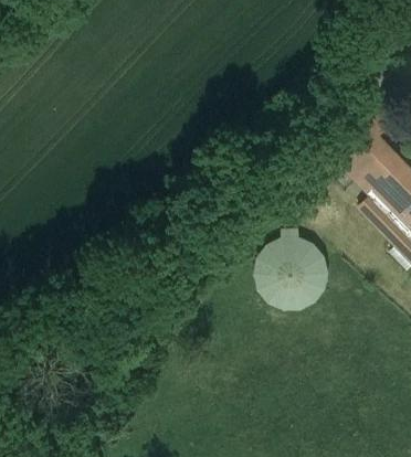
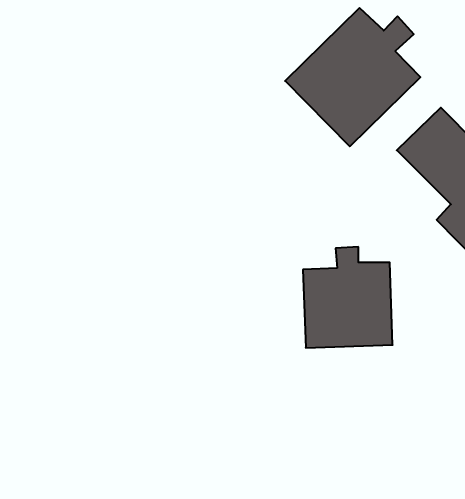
building: none -> [285,8,420,146]

